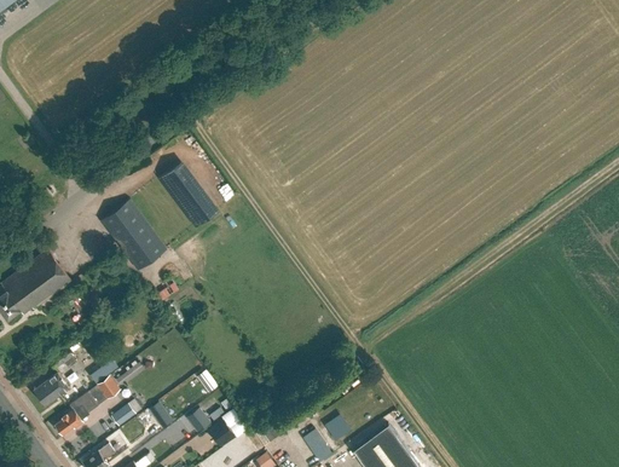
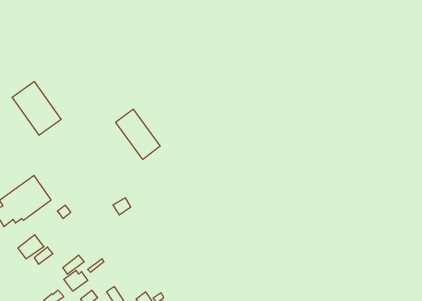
building: [100,198,167,271] -> [12,82,61,135]
building: [34,371,69,404] -> [18,235,44,259]

